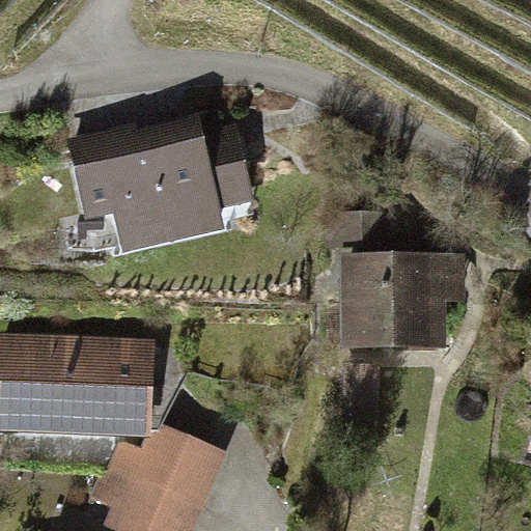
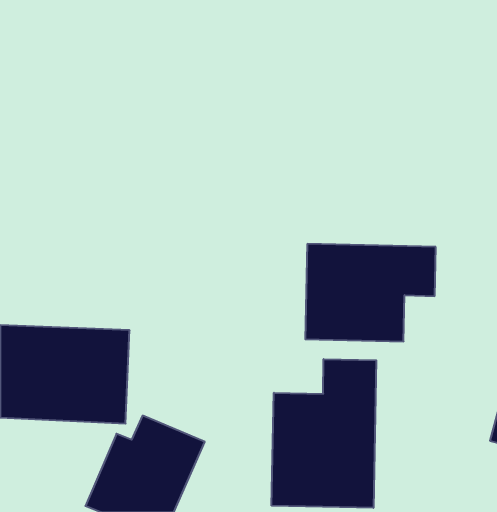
building: [40,101,241,251] -> none
building: none -> [272,359,376,508]

